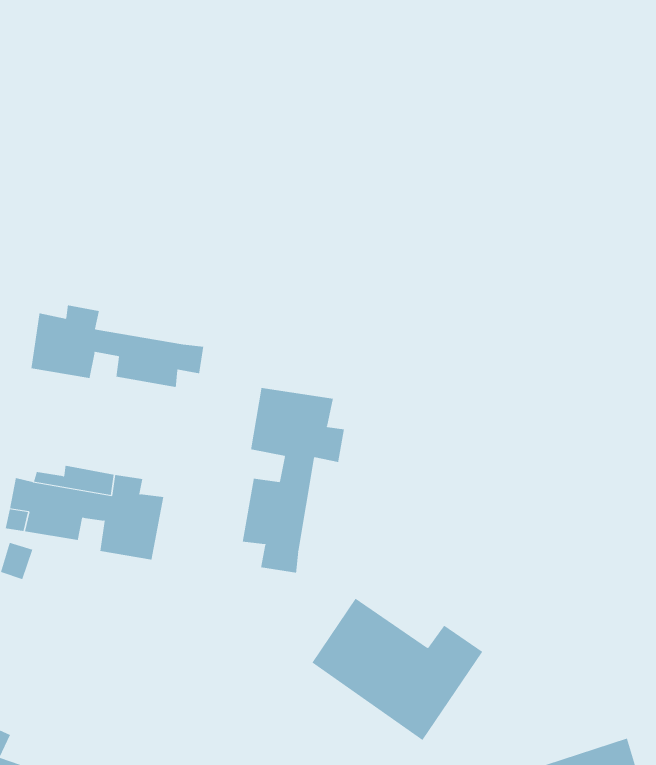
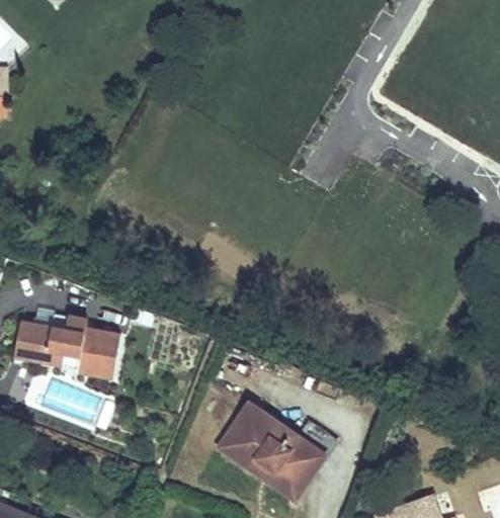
building: [31,305,204,388] -> none
building: [242,387,345,573] -> none

